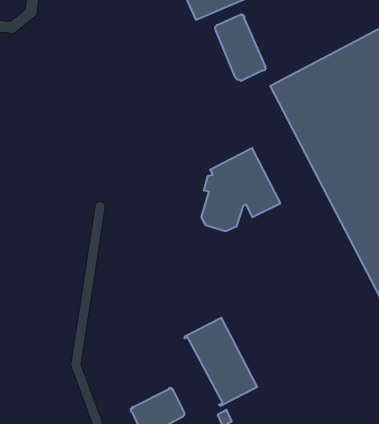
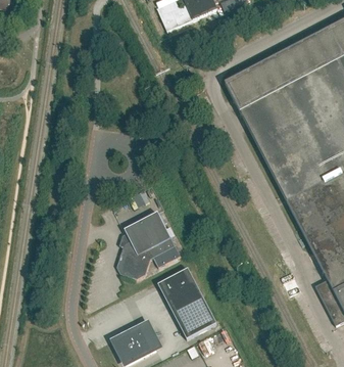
building: [215,14,266,81] -> none
building: [201,148,280,231] -> [116,211,180,277]

